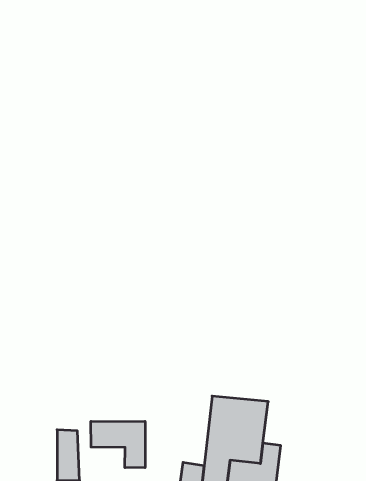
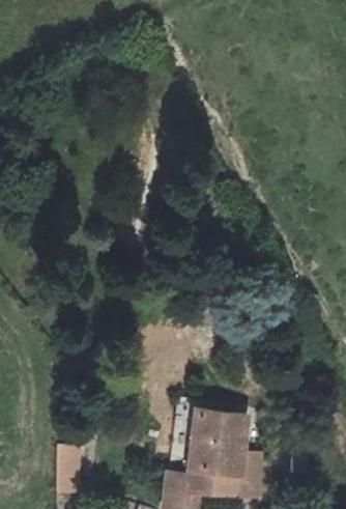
building: [91,421,145,468] -> none

